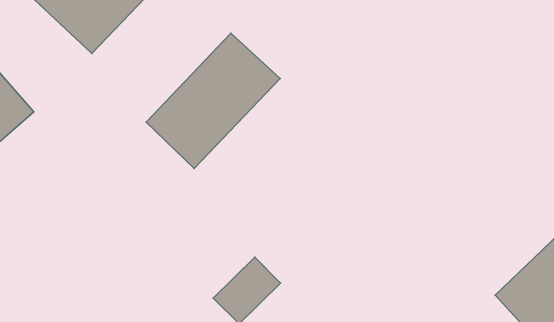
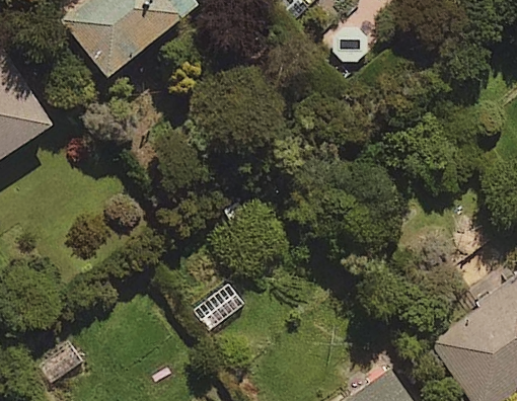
building: [146,33,280,169] -> none

